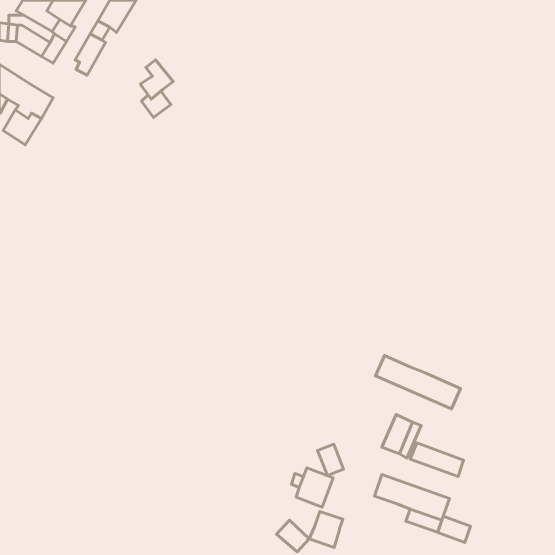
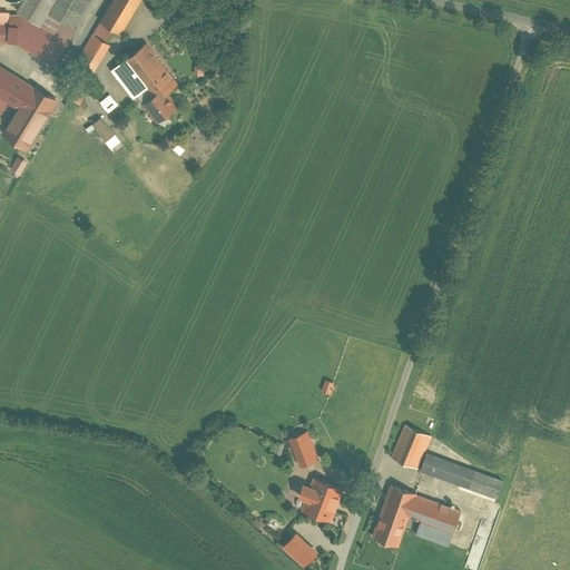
building: none -> [111,45,159,99]
building: [376,355,461,409] -> none
building: [318,444,344,476] -> [289,433,316,465]
building: [309,511,343,547] -> [372,509,406,546]
building: [438,516,470,542] -> [469,472,502,499]

